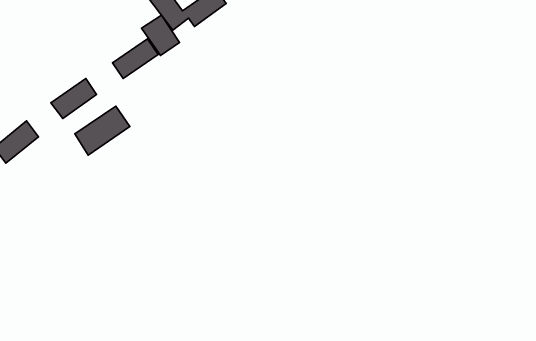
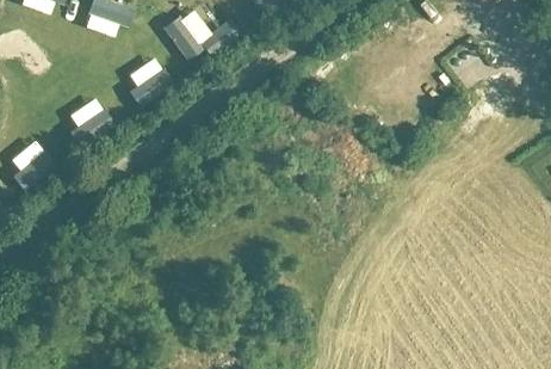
building: [141,15,179,56] -> none
building: [75,106,130,155] -> none

